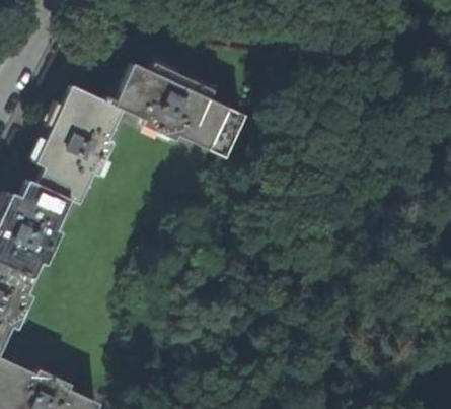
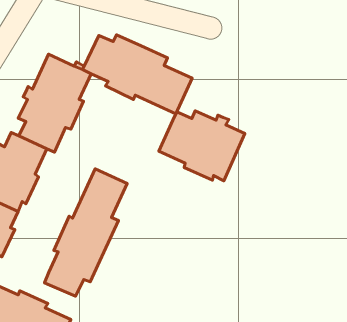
building: none -> [159,111,245,181]
building: none -> [44,169,127,296]

